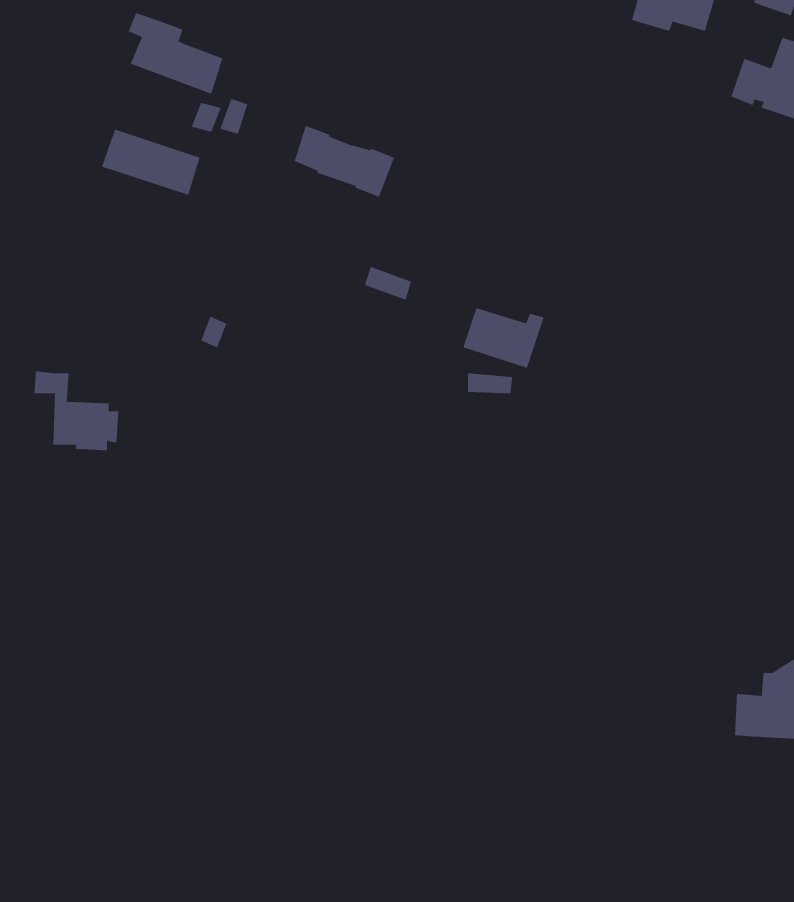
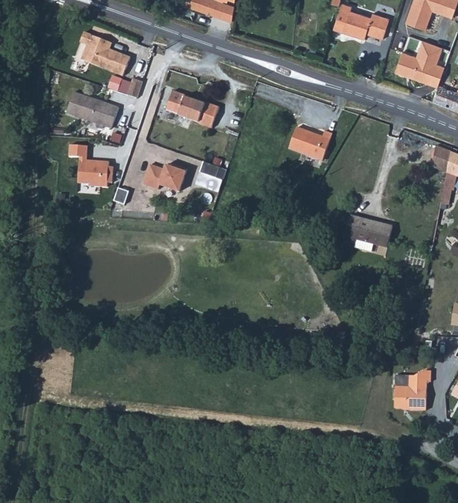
building: none -> [143,164,187,192]
building: [463,308,545,369] -> [288,126,331,158]
building: none -> [345,215,392,246]
building: [33,371,119,451] -> [67,141,112,183]

